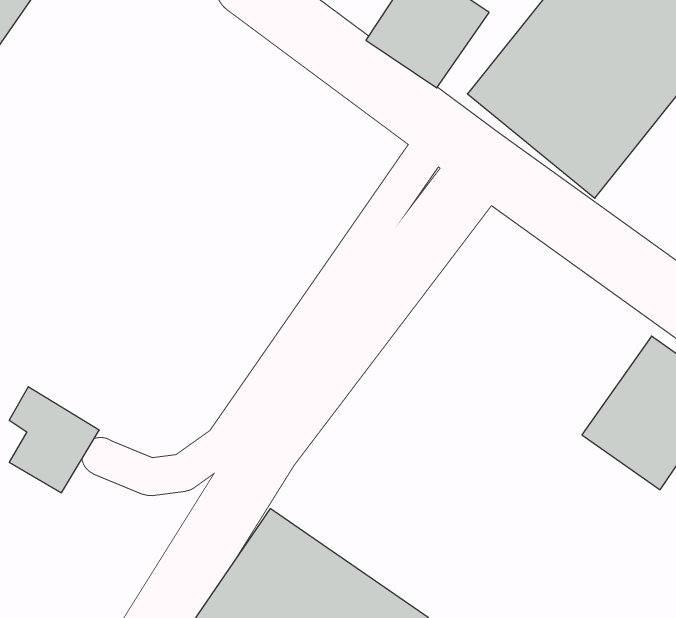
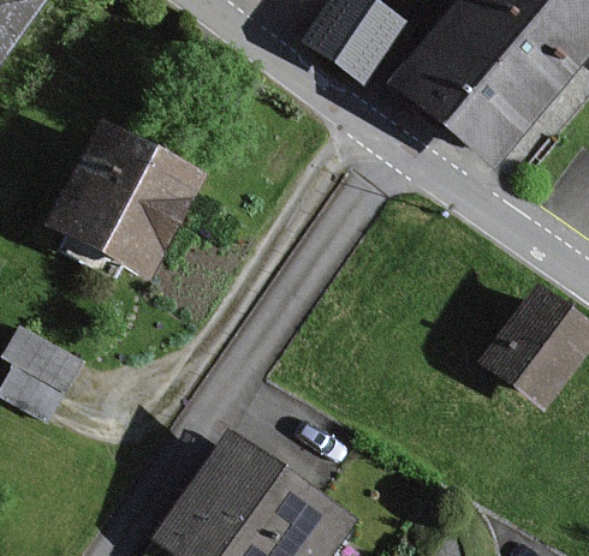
building: none -> [41,127,206,282]

